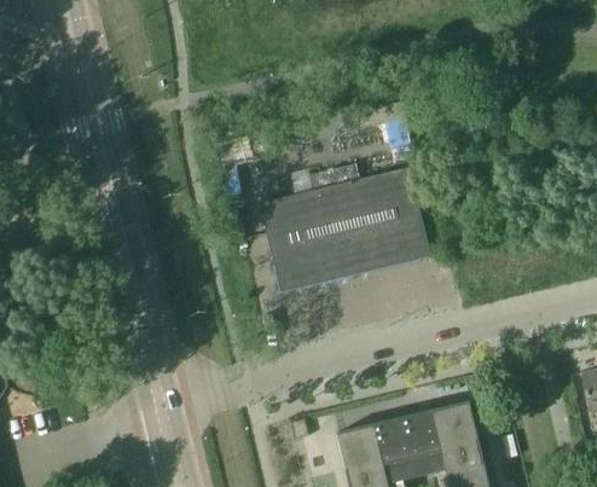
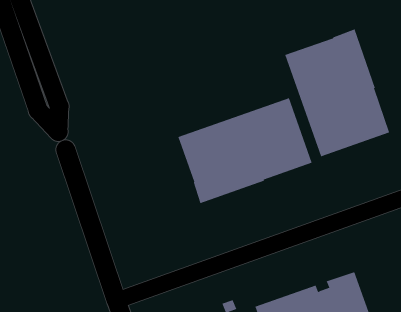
building: none -> [285,29,390,157]

